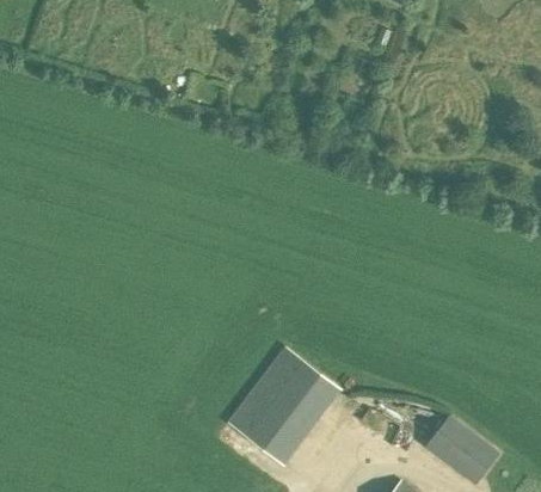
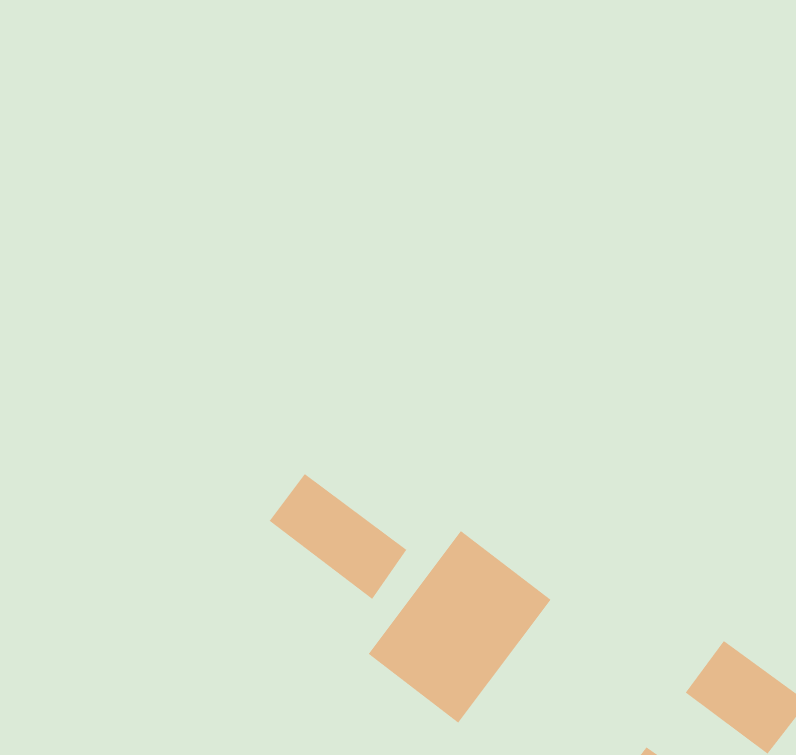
building: none -> [269,473,407,600]

